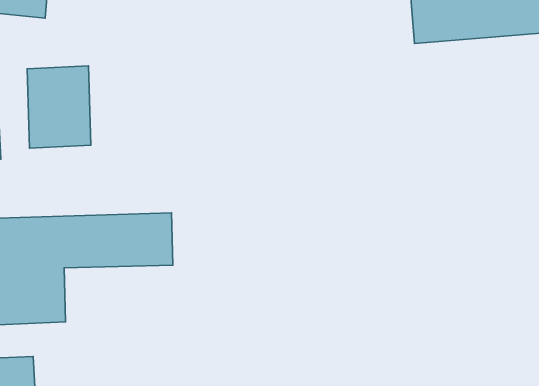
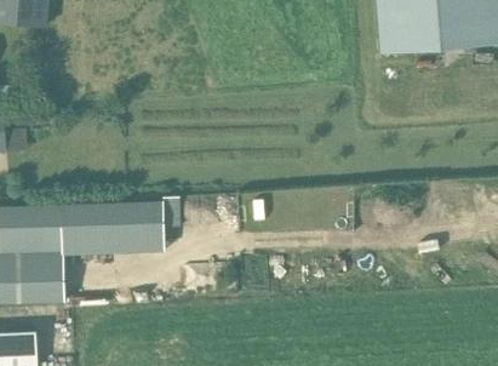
building: [27,66,91,148] -> none

